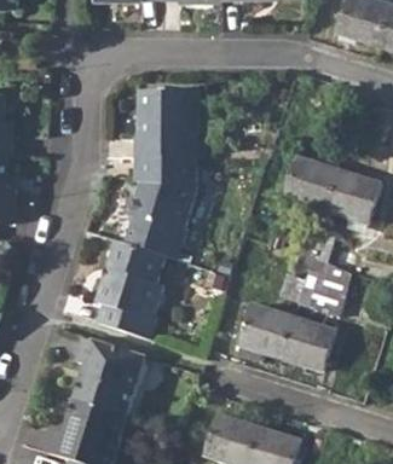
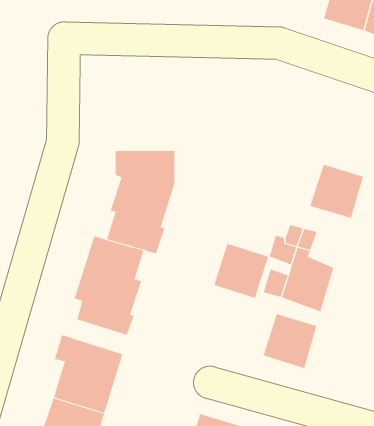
building: [134,89,202,158] -> none
building: [284,160,339,213] -> none
building: [238,304,293,359] -> [213,243,269,299]

